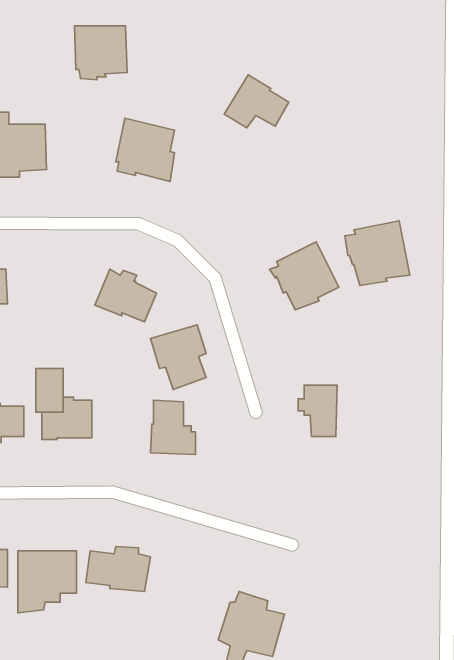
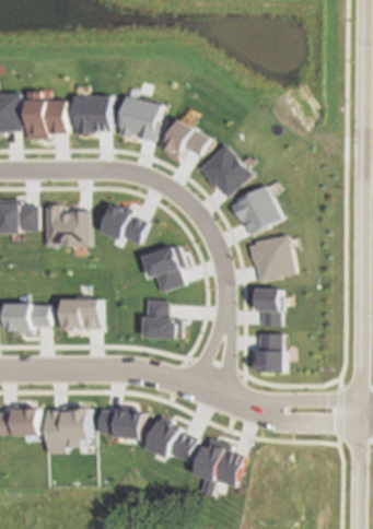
building: [74,26,127,80] -> [72,95,110,134]
building: [224,75,289,128] -> [161,118,208,156]
building: none -> [198,144,250,197]
building: [345,221,410,286] -> [246,234,293,281]
building: none -> [46,203,89,245]
building: none -> [249,333,279,371]
building: none -> [144,415,194,461]

